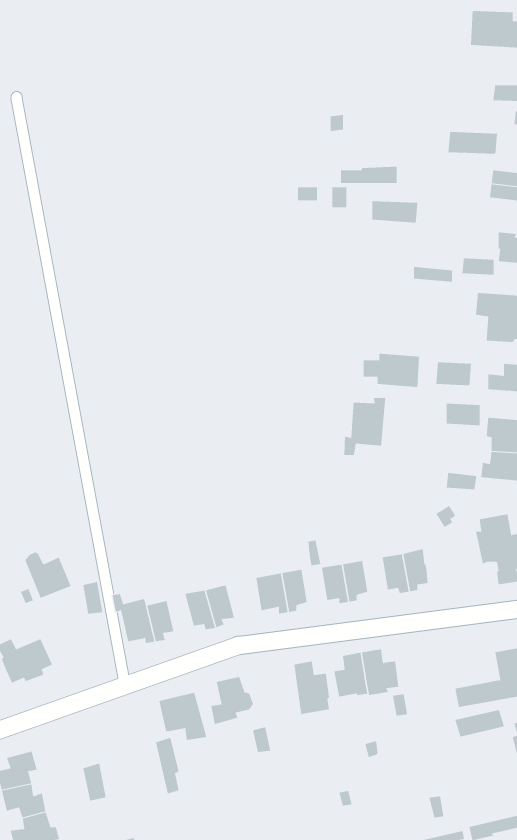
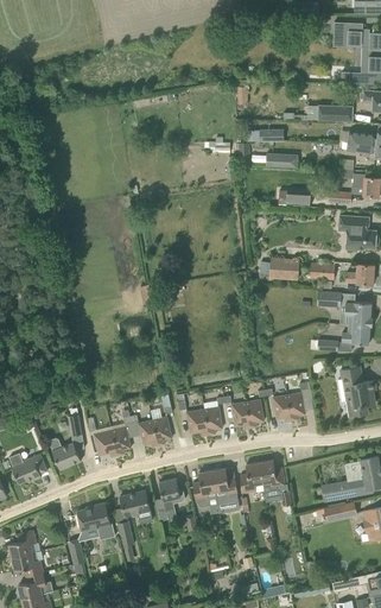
building: [344,397,386,456] -> none
building: [25,552,71,598] -> [49,437,81,469]
building: none -> [192,470,217,506]
building: none -> [77,502,115,537]

